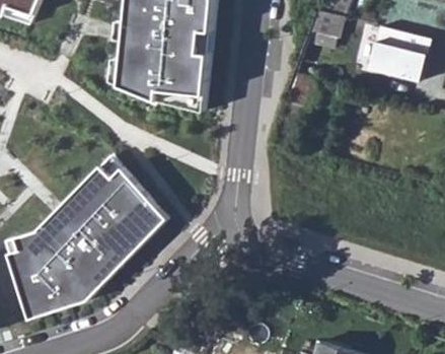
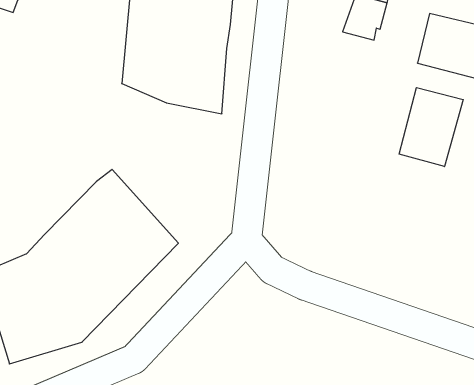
building: none -> [399,88,463,167]

